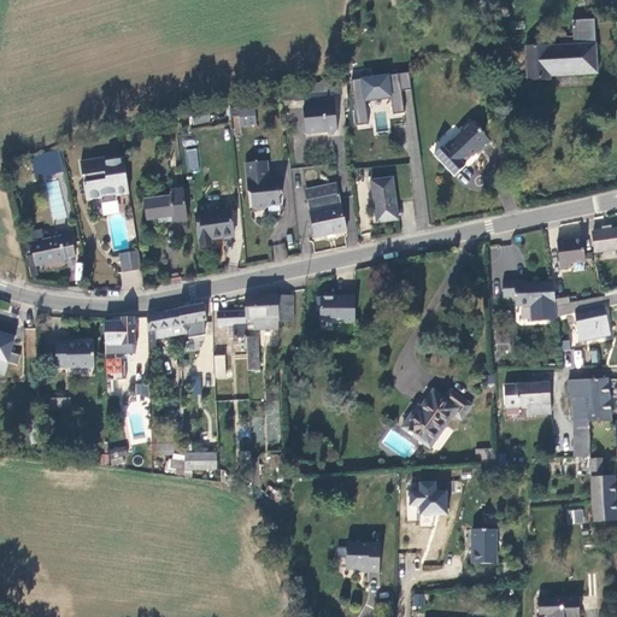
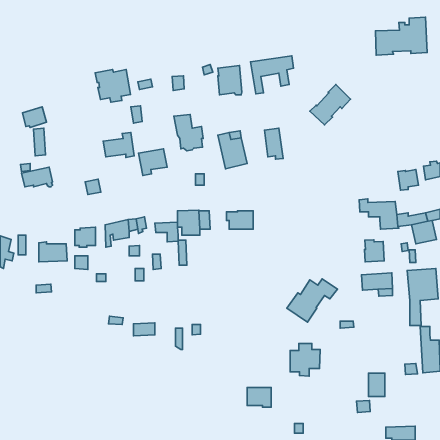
building: [81,157,130,202] -> [95,69,131,102]
building: none -> [365,240,384,262]
building: [472,529,495,562] -> [368,373,385,396]

